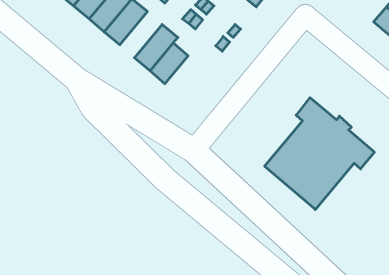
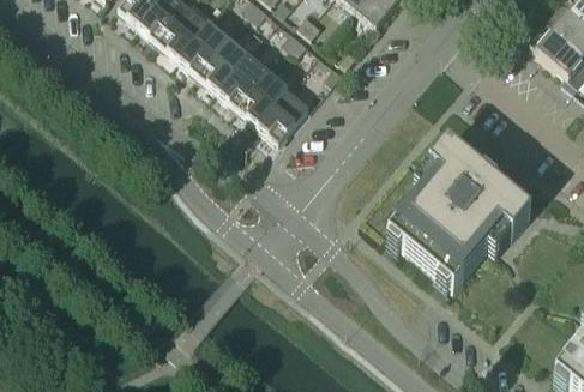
building: none -> [198,34,253,94]
building: none -> [257,91,308,144]

